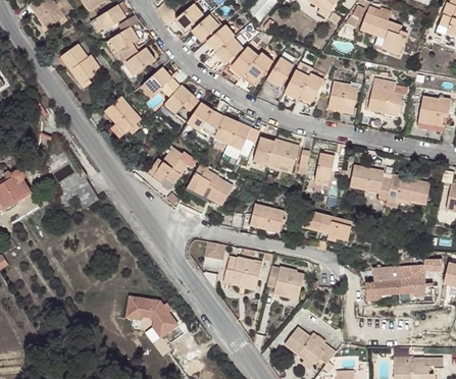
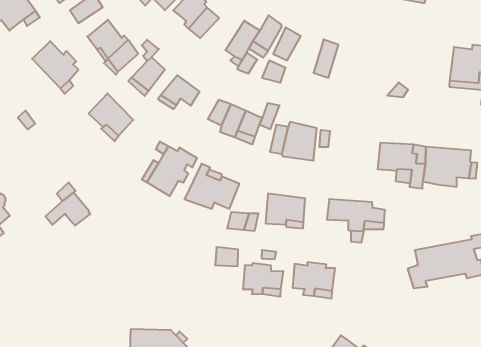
building: [207,44,236,71] -> none
building: [289,69,313,99] -> none
building: [328,77,358,113] -> none
building: [367,83,404,121] -> none
building: [190,103,218,132] -> none
building: [313,154,335,183] -> none

